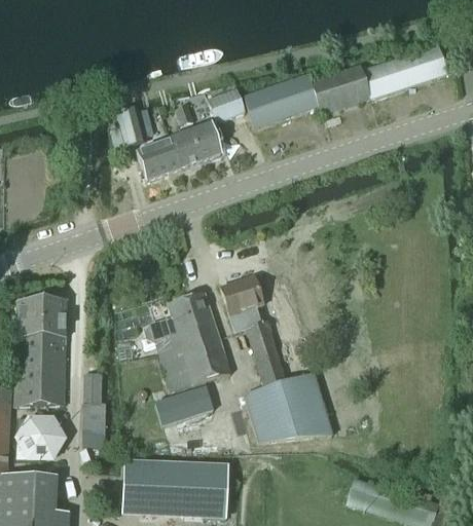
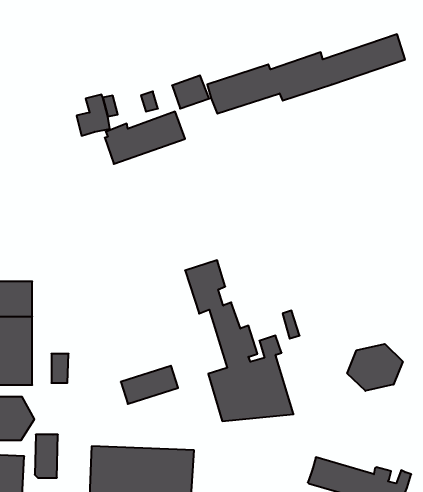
building: [151,291,231,391] -> none
building: none -> [347,344,403,391]
building: [82,402,106,446] -> [35,435,58,478]

